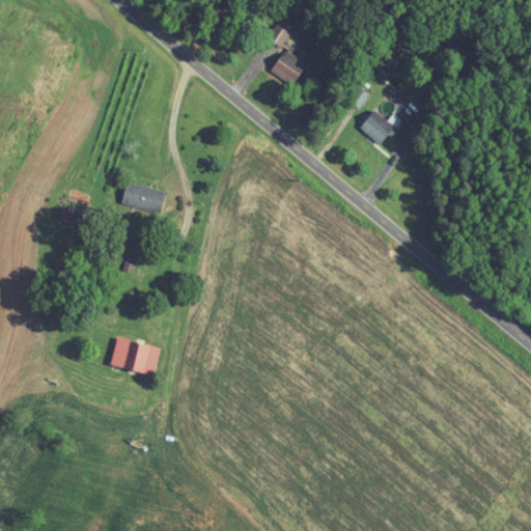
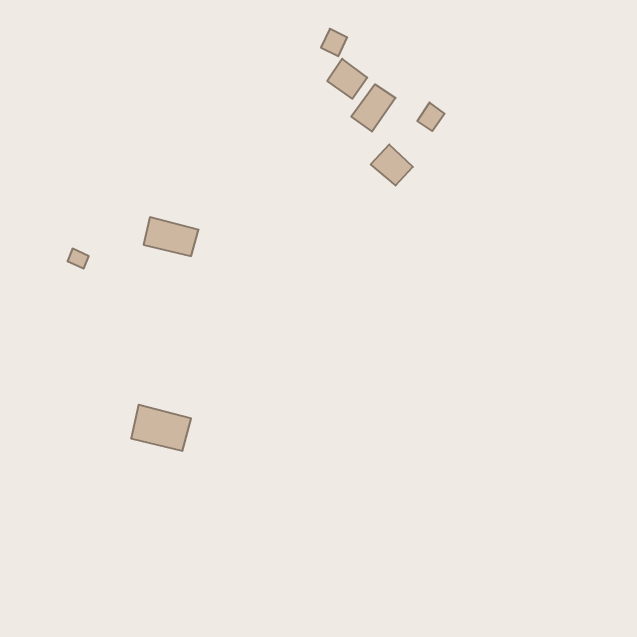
building: none -> [351,84,396,132]
building: [359,110,394,144] -> [371,144,413,186]

